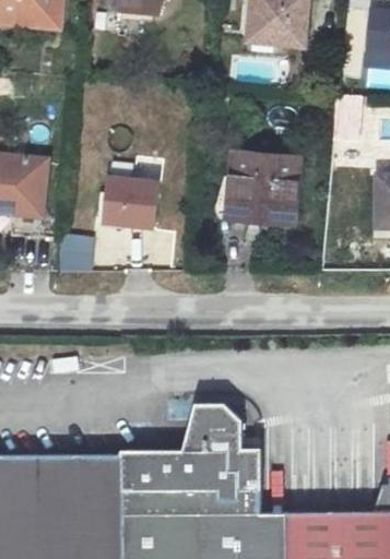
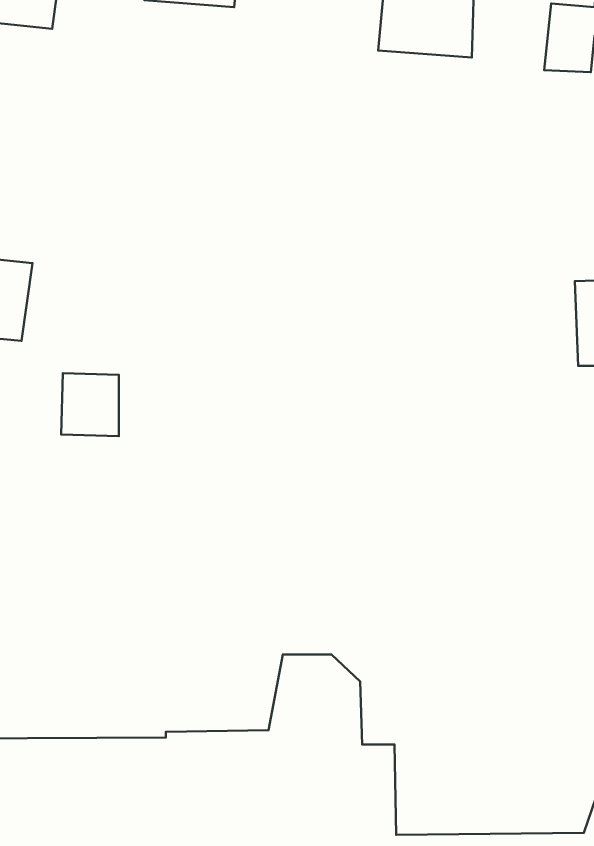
building: [228,151,300,222] -> none
building: [107,177,164,226] -> none

